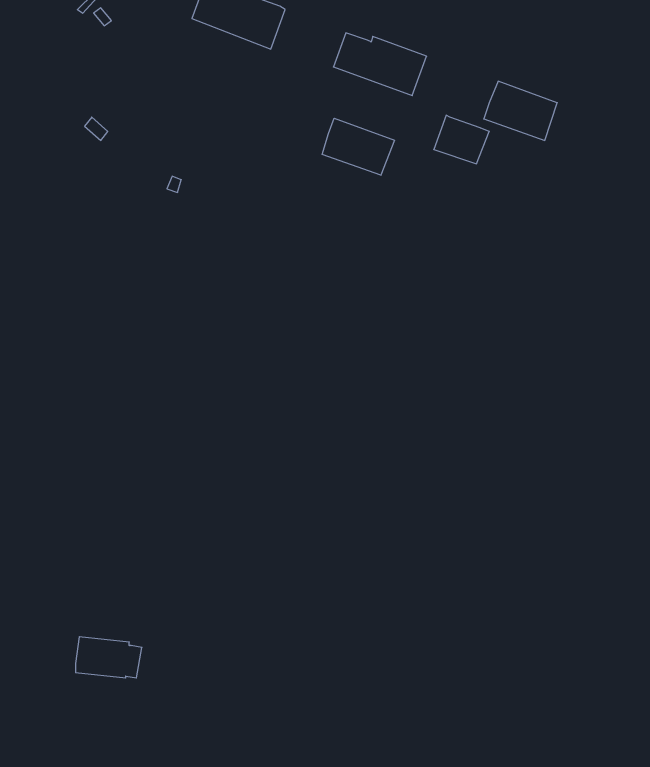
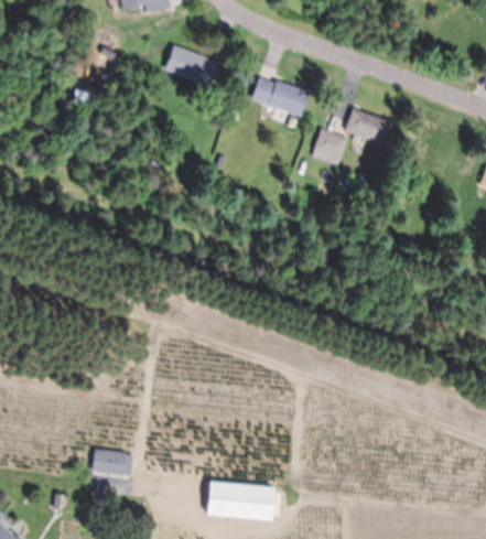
building: [322,118,394,175] -> none
building: none -> [205,481,279,519]

